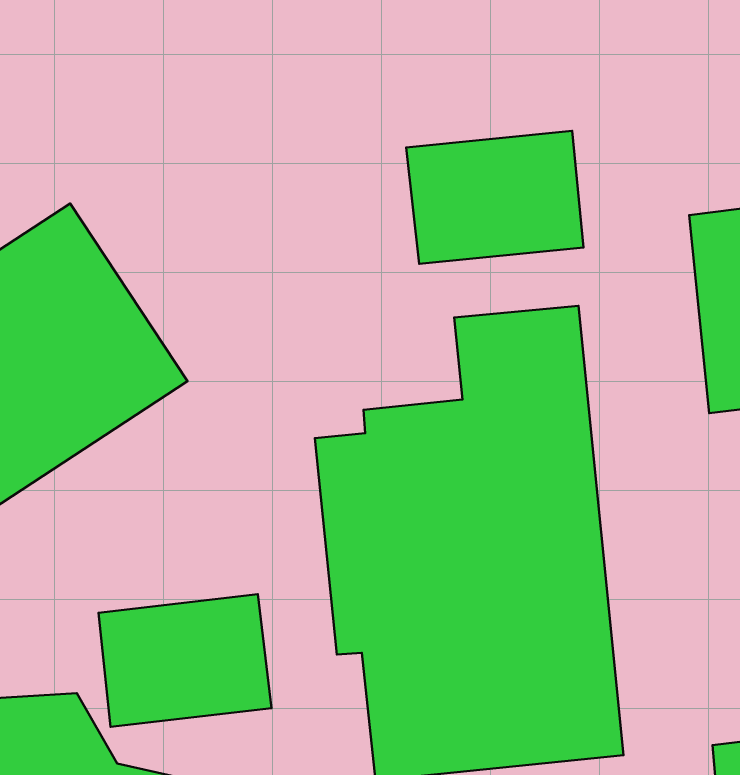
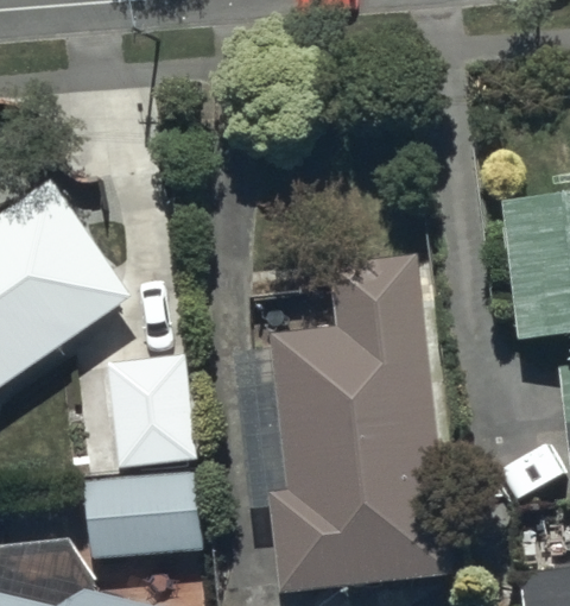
building: [406,131,584,264] -> none
building: none -> [104,353,194,461]

